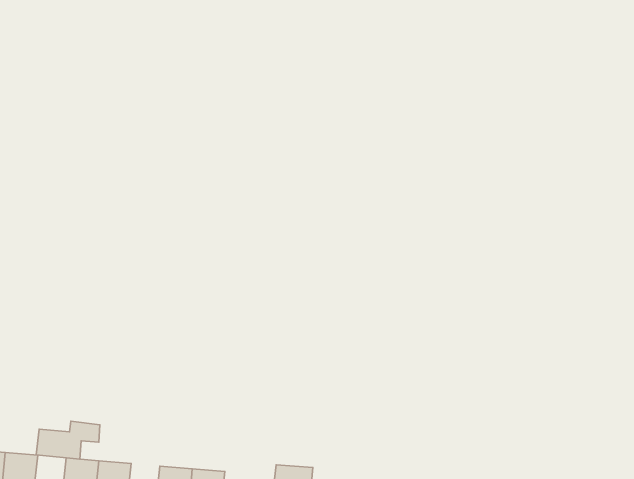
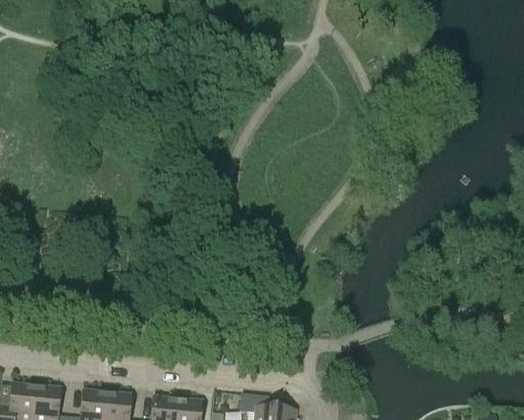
building: [36,421,100,459] -> none

